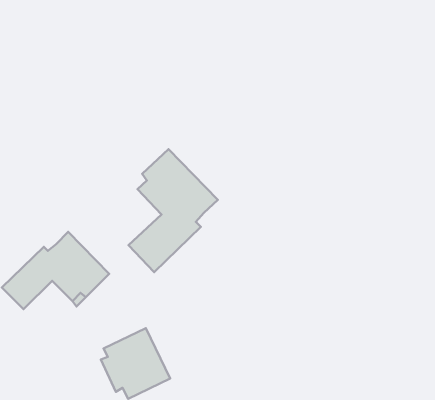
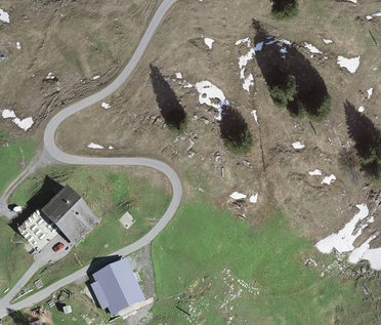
building: [129,149,218,272] -> none

